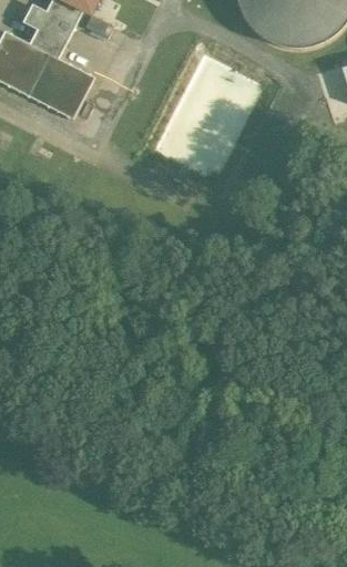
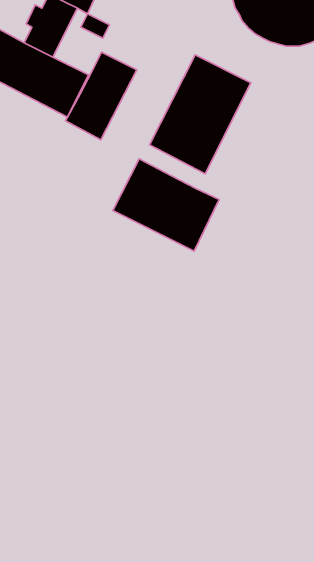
building: none -> [65,52,137,140]
building: none -> [113,159,219,251]

